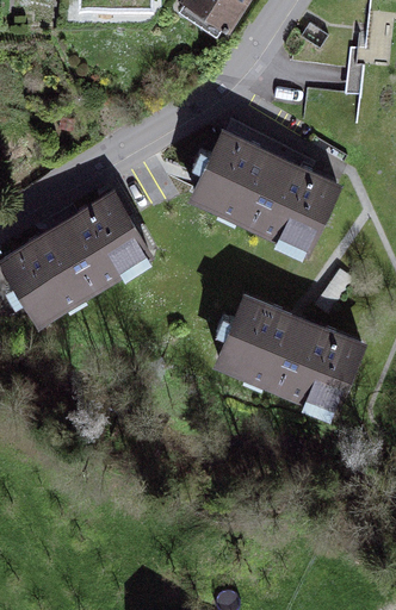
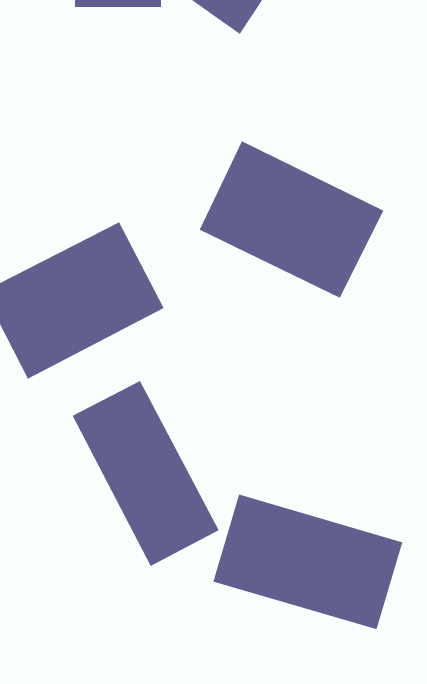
building: [211,295,377,413] -> [212,494,403,630]
building: none -> [72,380,219,567]

